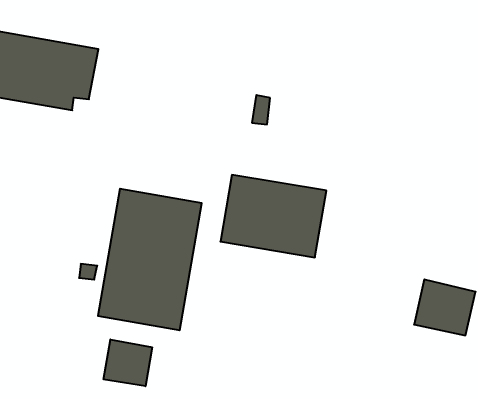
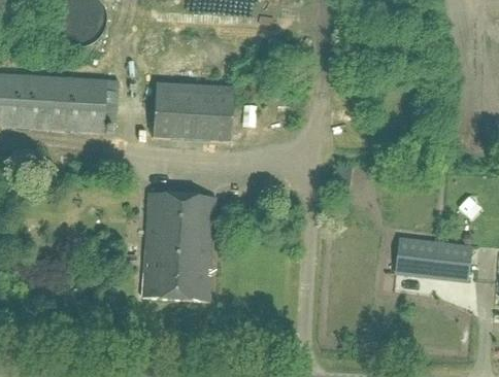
building: [220,175,326,257] -> [153,81,233,140]
building: [104,339,152,386] -> none

